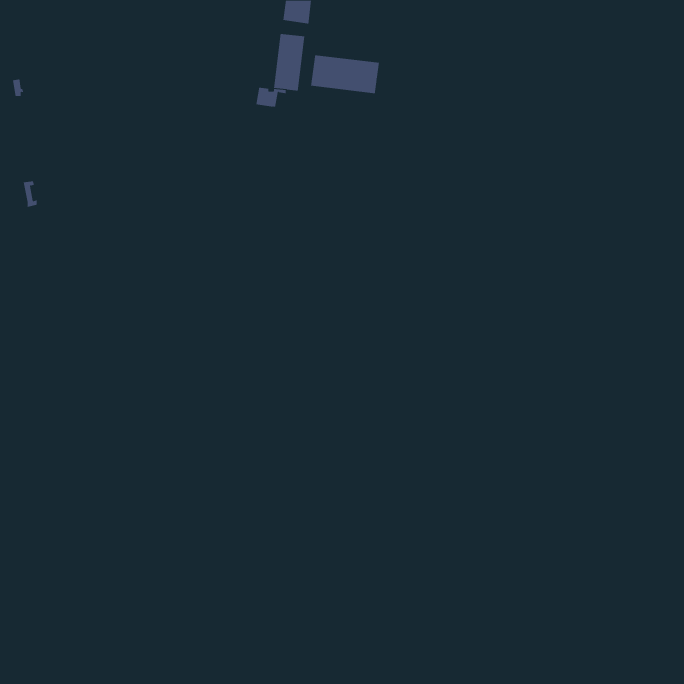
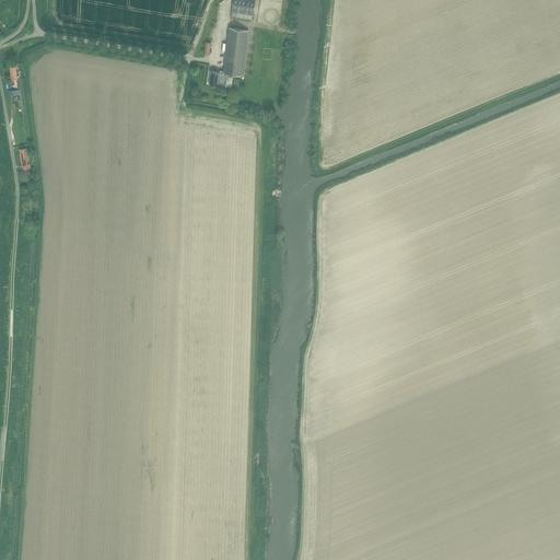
building: [310,54,379,94] -> none

